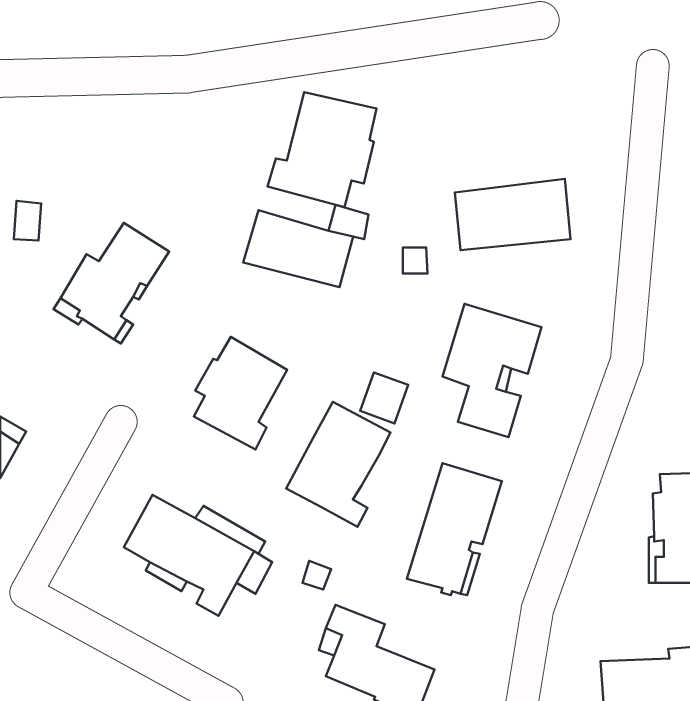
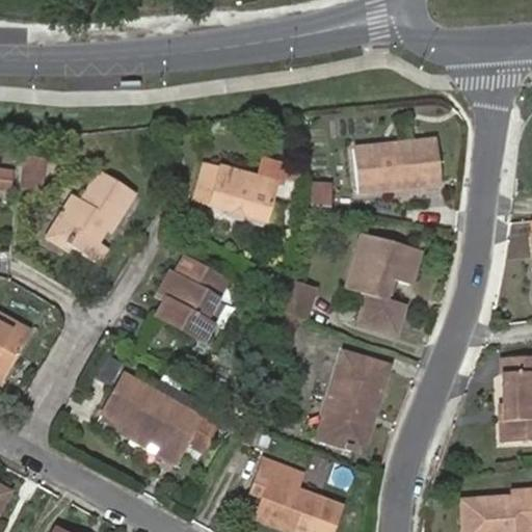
building: [268,92,377,207] -> none
building: [286,402,391,527] -> none

